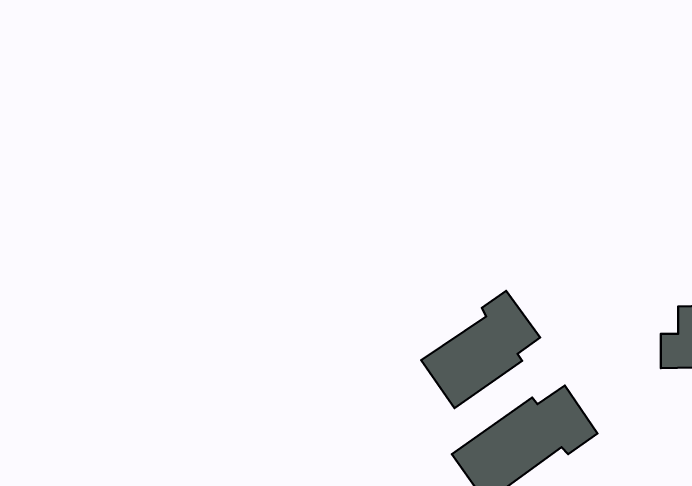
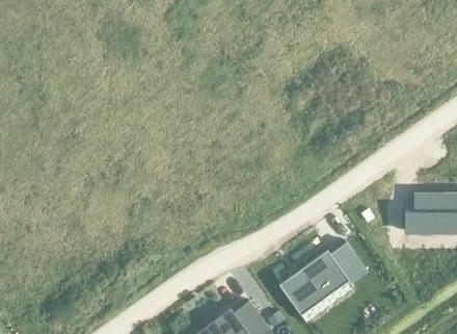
building: [421,291,540,408] -> none

